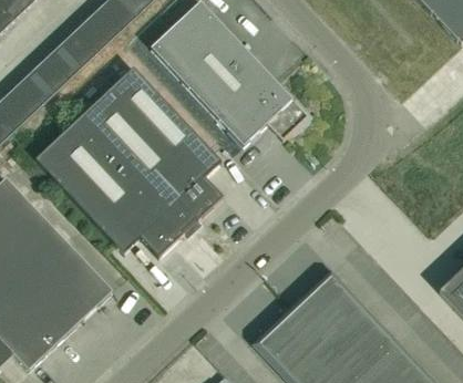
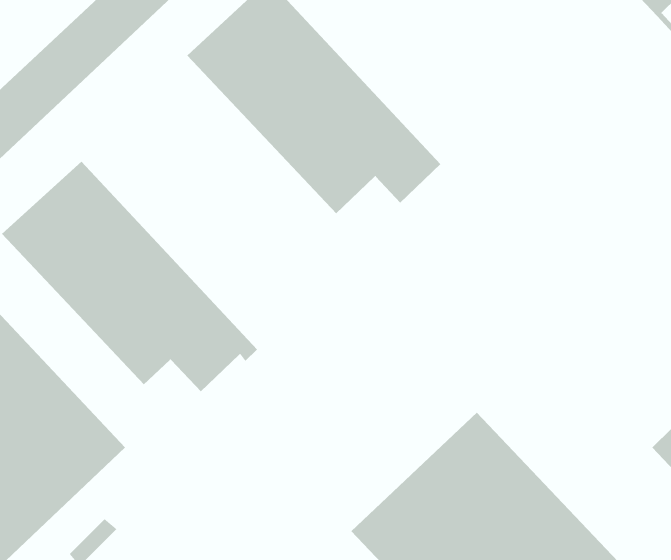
building: [84,66,223,230] -> none

